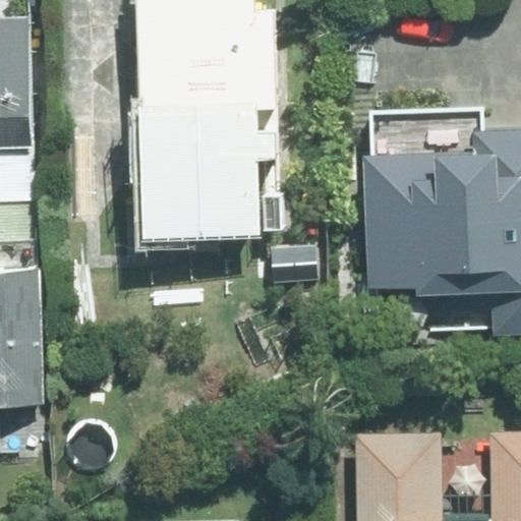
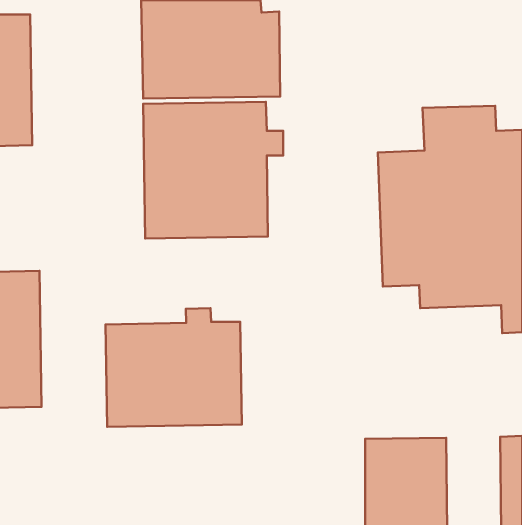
building: none -> [106,308,242,427]

